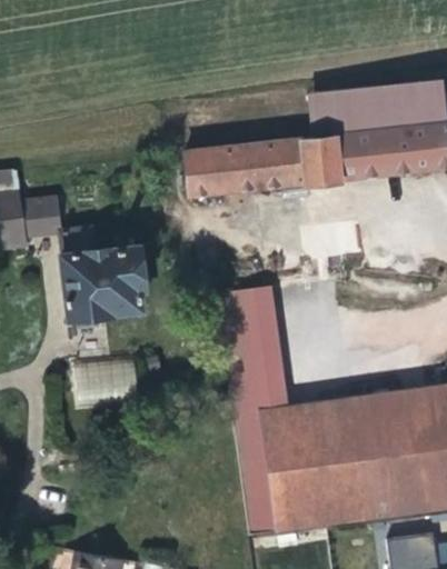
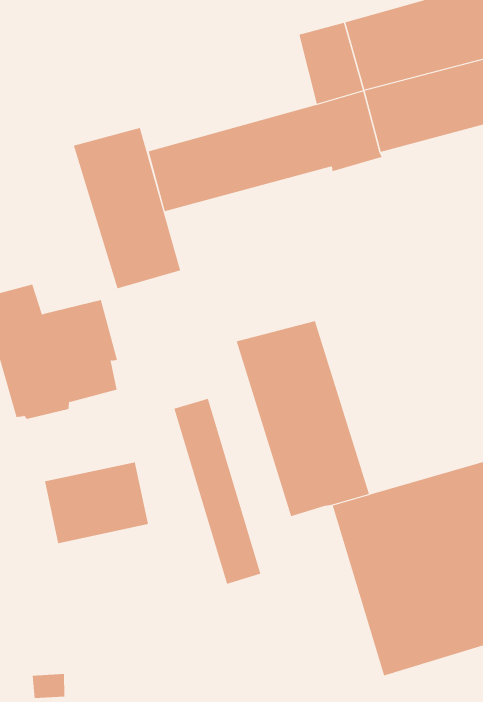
building: none -> [73,127,181,289]
building: [240,410,281,537] -> [174,398,261,584]

